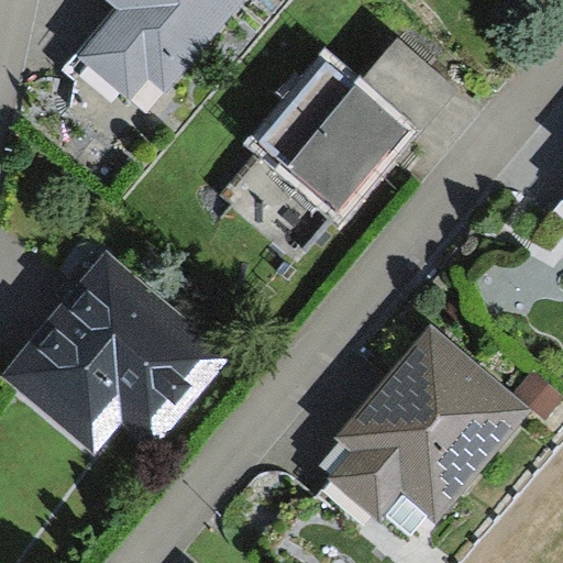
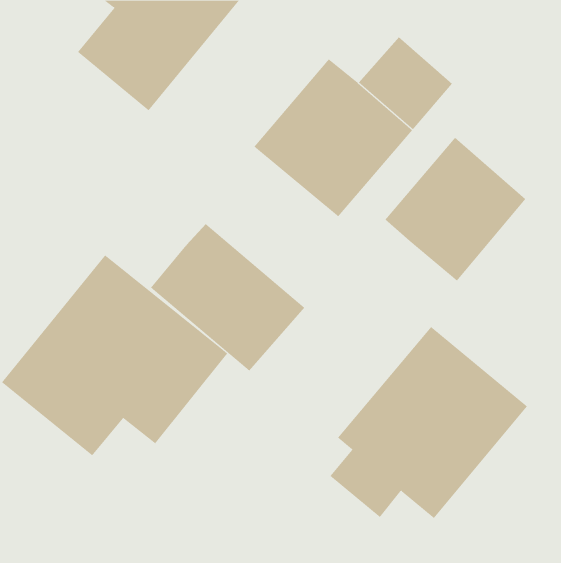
building: none -> [385,137,526,281]
building: none -> [150,223,305,371]

